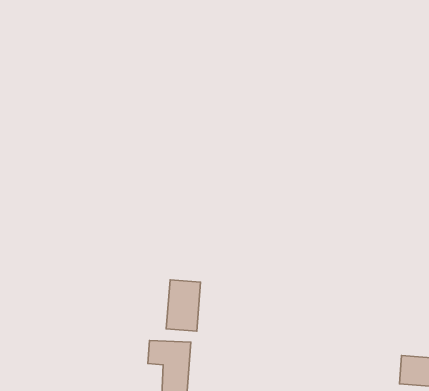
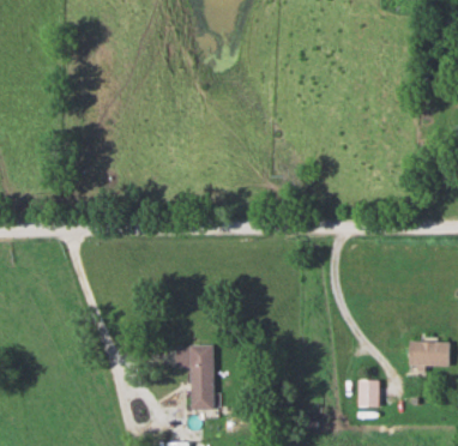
building: [166,280,201,331] -> none

